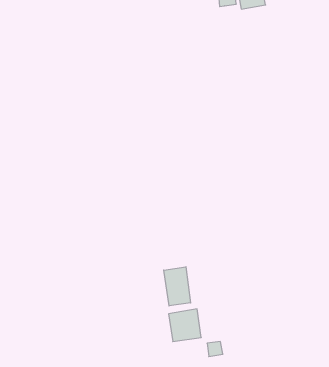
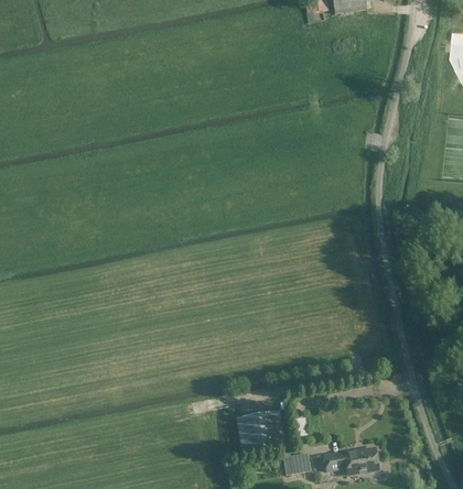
building: [164,267,191,306] -> none
building: none -> [323,448,377,471]

